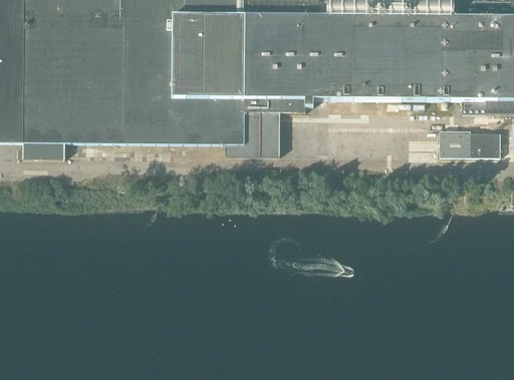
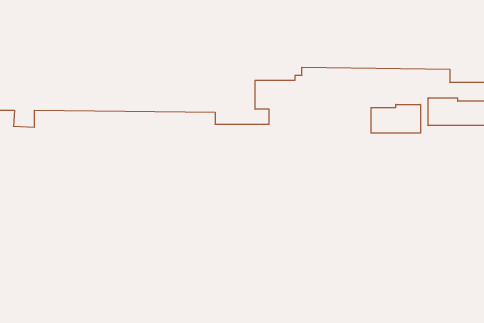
building: none -> [371,104,420,133]

